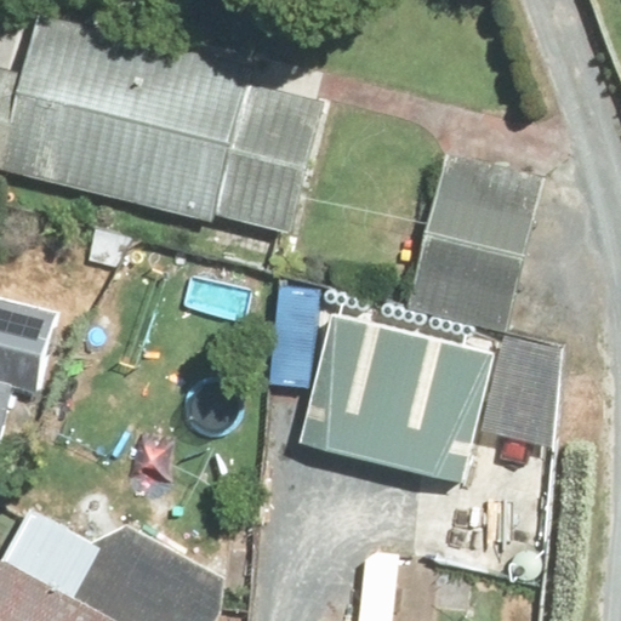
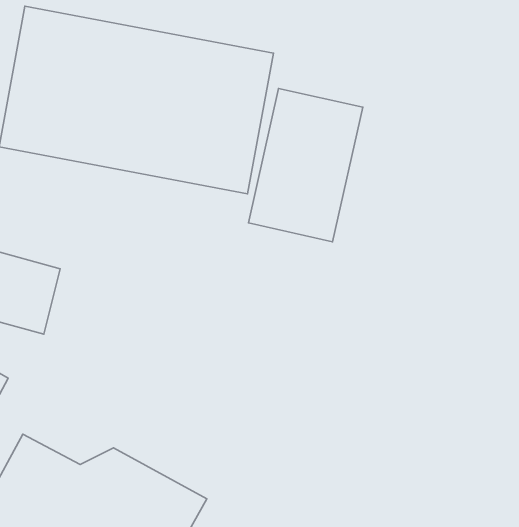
building: [404,158,537,336] -> [248,89,363,242]
building: [296,313,495,486] -> none

